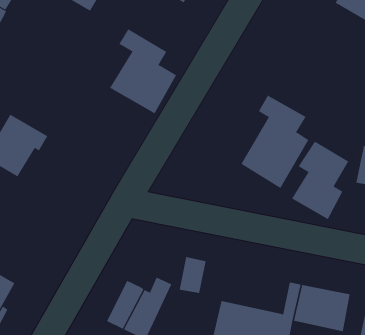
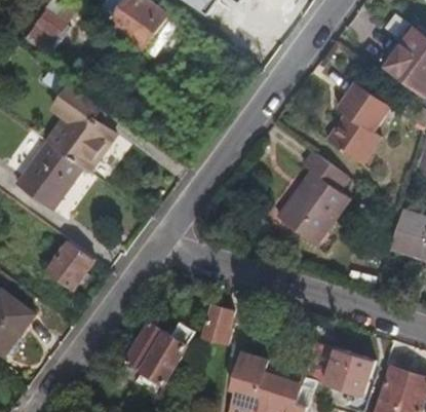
building: [109,29,177,114] -> [46,82,116,172]
building: [291,141,349,220] -> [326,85,389,166]
building: none -> [47,238,98,290]

